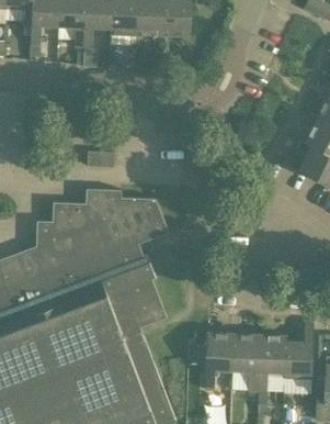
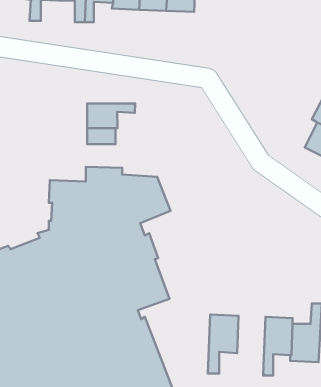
building: none -> [87,104,135,128]
building: [231,333,259,390] -> none

